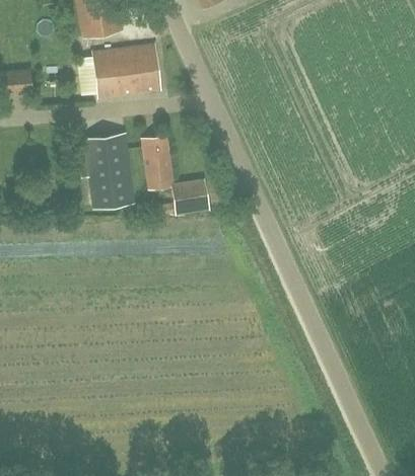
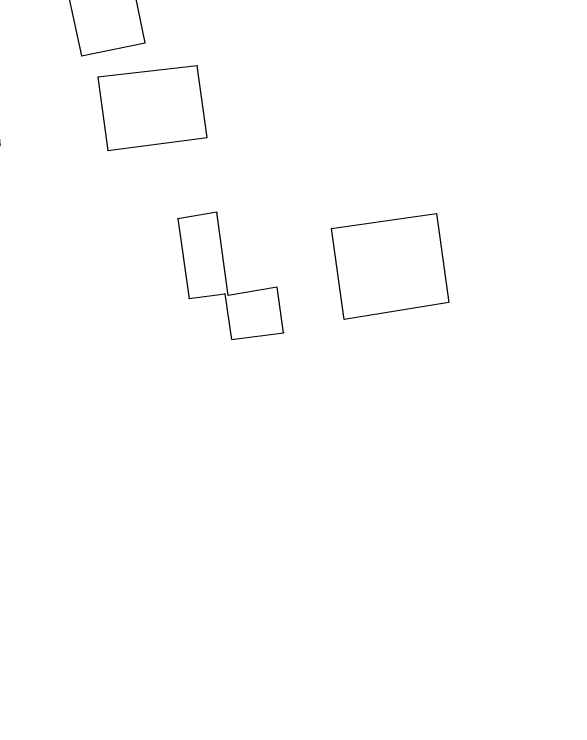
building: [84,135,133,208] -> none
building: none -> [332,214,449,319]

